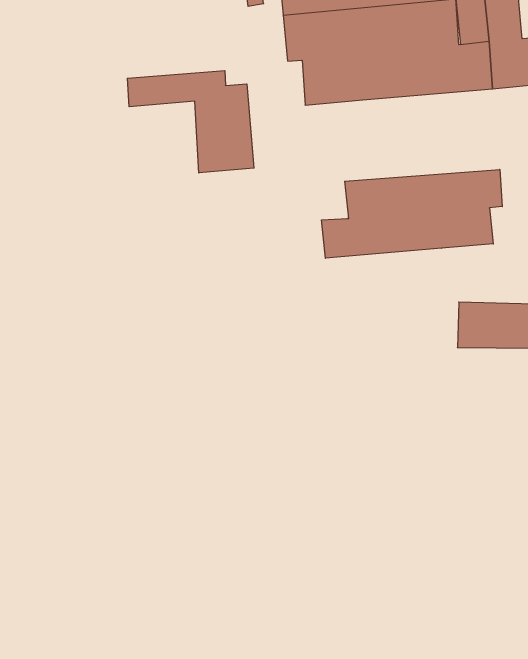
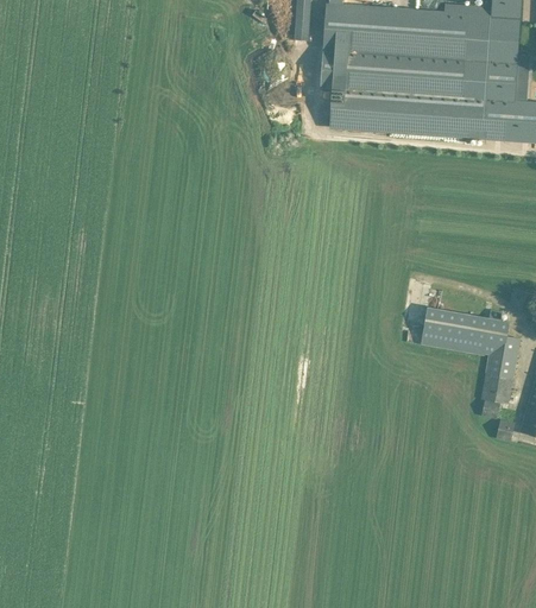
building: [127,71,254,173] -> none
building: [322,169,502,258] -> none

